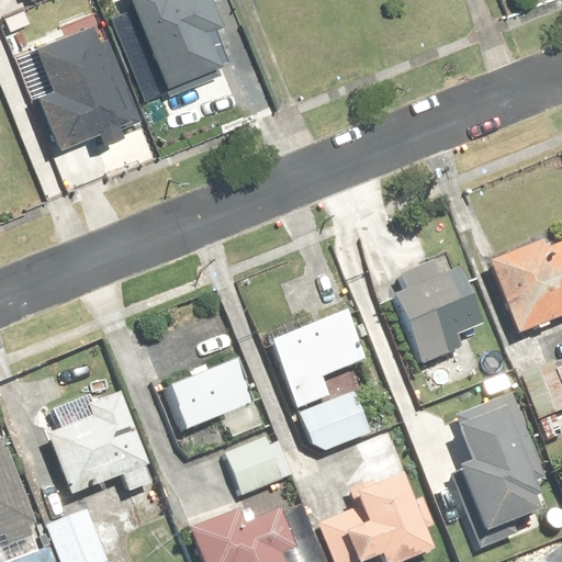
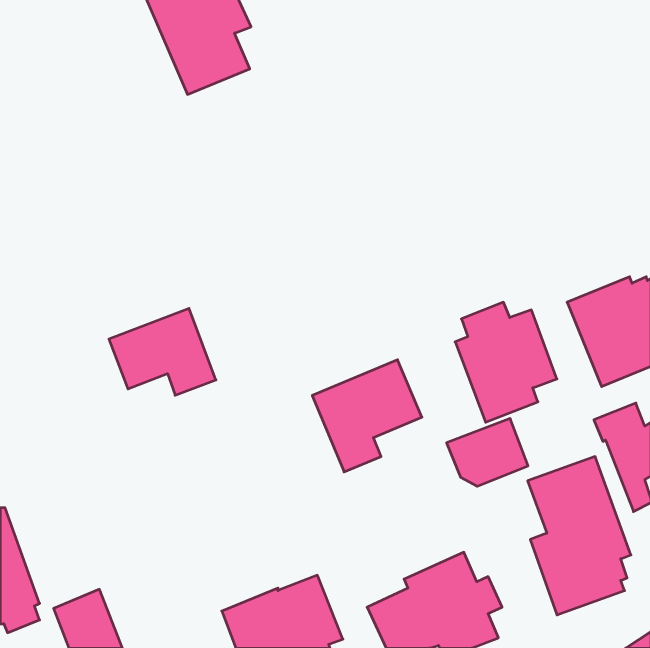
building: [36,16,144,139] -> none
building: [170,361,262,436] -> [109,308,216,395]
building: [46,391,154,495] -> none
building: [299,392,369,450] -> [447,419,528,486]
building: [225,436,282,495] -> none

